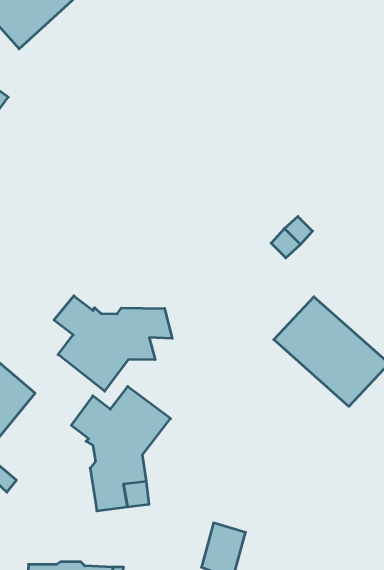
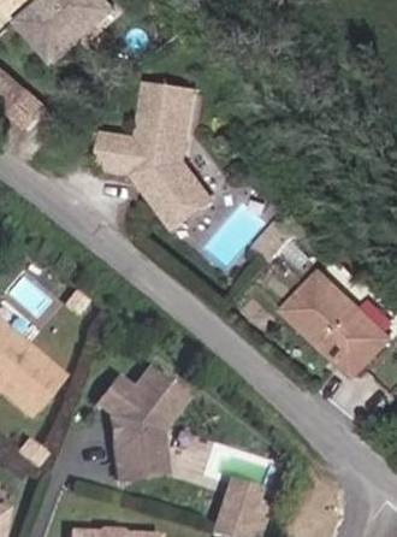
building: none -> [99,94,211,237]
building: [54,296,172,391] -> none

